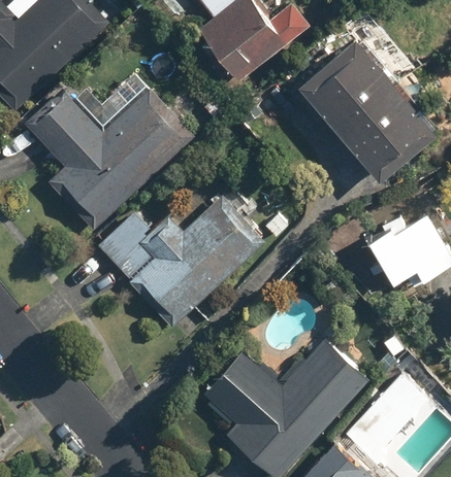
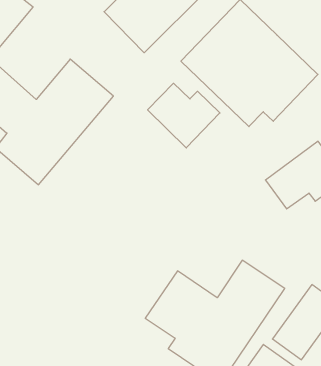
building: none -> [148,83,220,148]
building: [100,192,268,327] -> none

